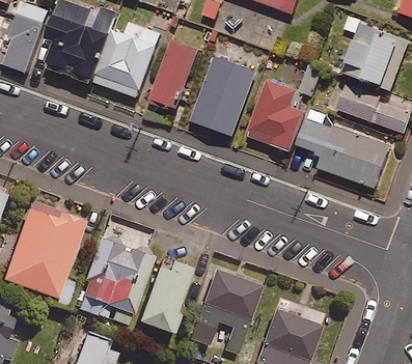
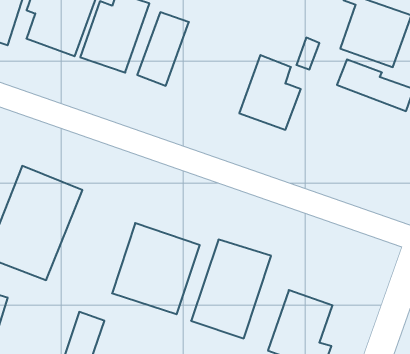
building: [189,58,252,137] -> none
building: [297,108,387,188] -> none
building: [82,225,141,305] -> none

